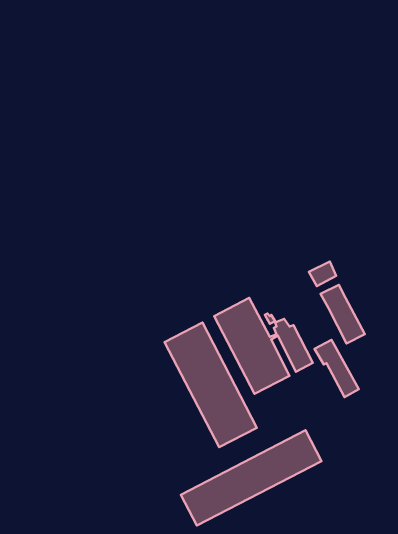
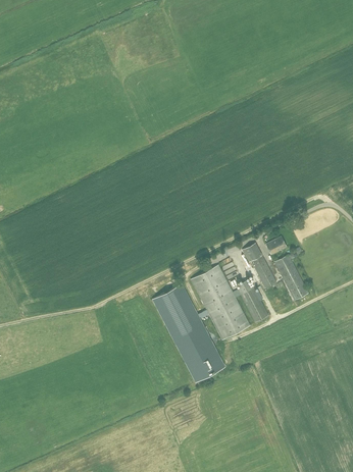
building: [315,340,359,397] -> [242,243,276,287]
building: [181,430,322,526] -> none

